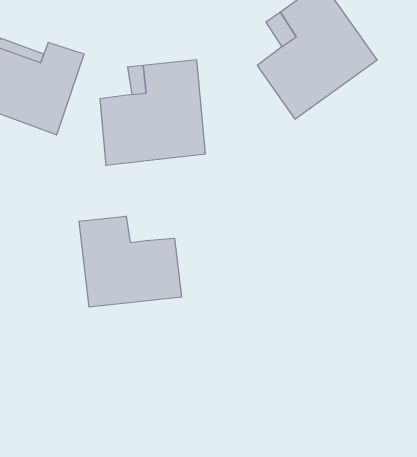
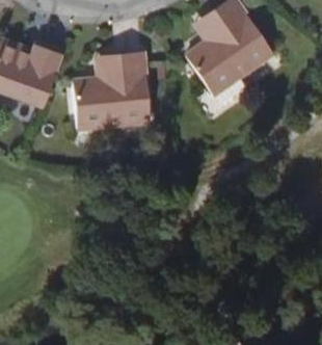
building: [79,216,181,307] -> none

